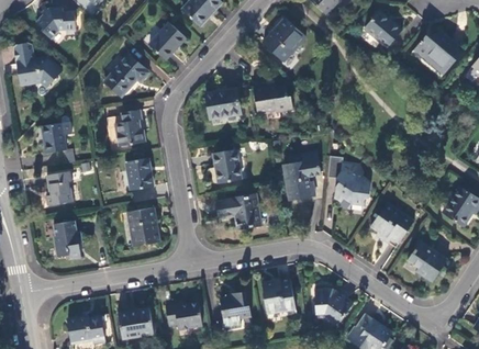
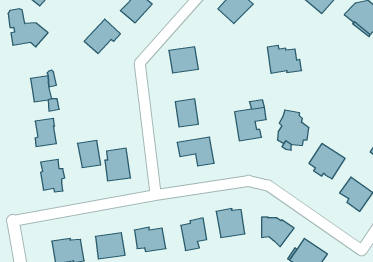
building: [252,81,292,114] -> [267,45,302,73]
building: [114,111,144,147] -> none
building: [124,159,152,191] -> [77,141,101,168]

